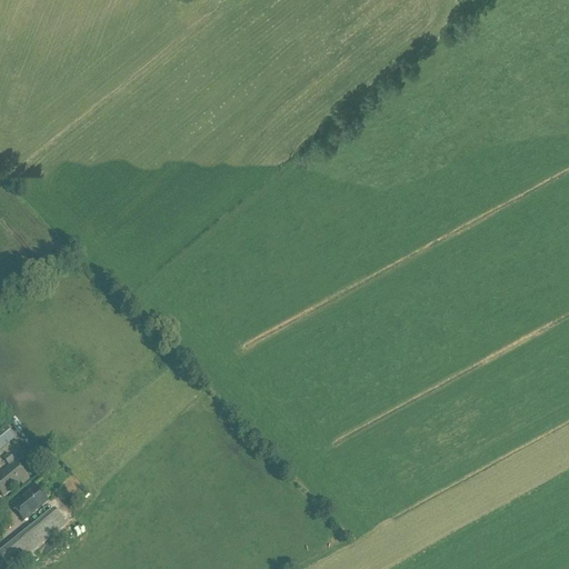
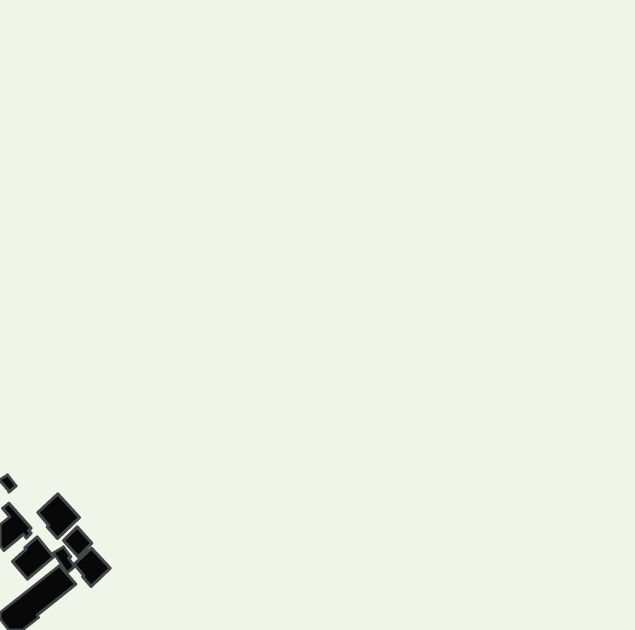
building: none -> [38,494,79,538]
building: none -> [74,548,110,586]

